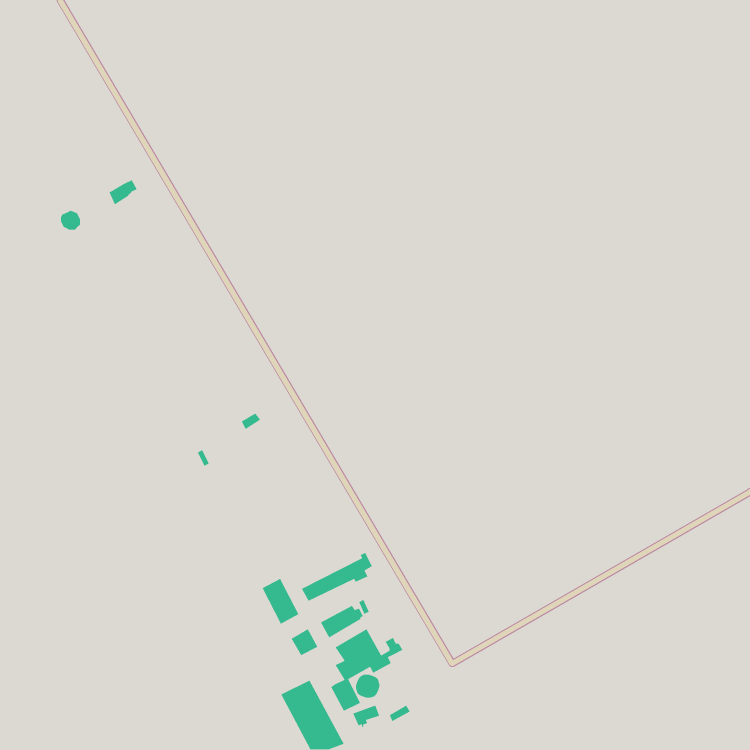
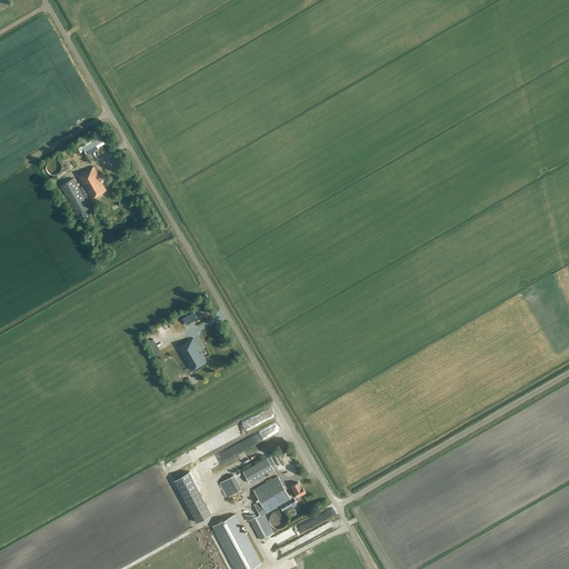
building: none -> [60,167,106,214]
building: none -> [178,338,206,370]
building: [261,578,300,625] -> [182,487,211,522]

